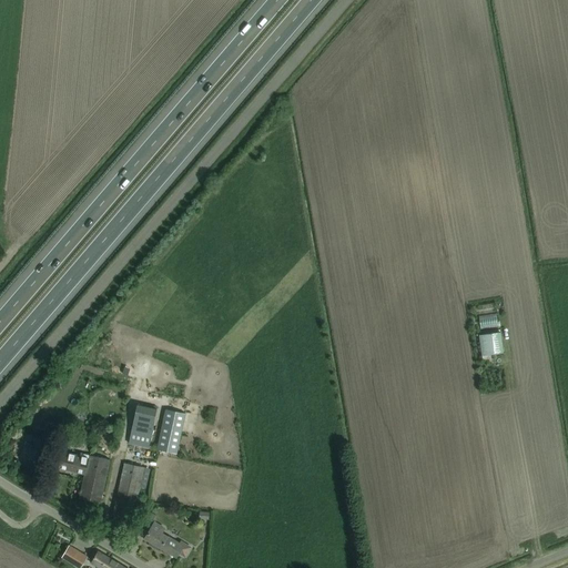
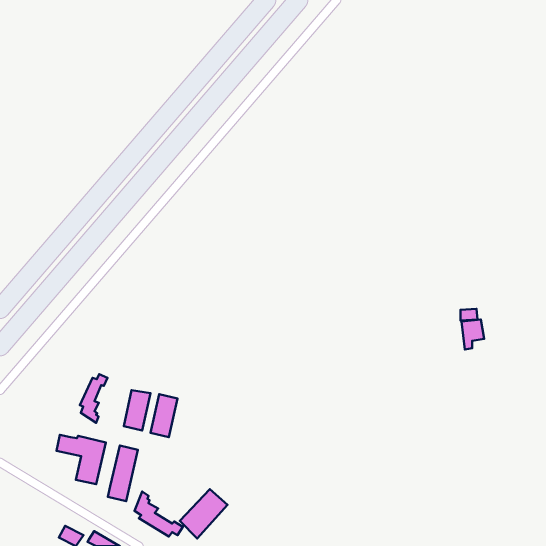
building: none -> [80,374,107,423]
building: none -> [180,489,227,538]

